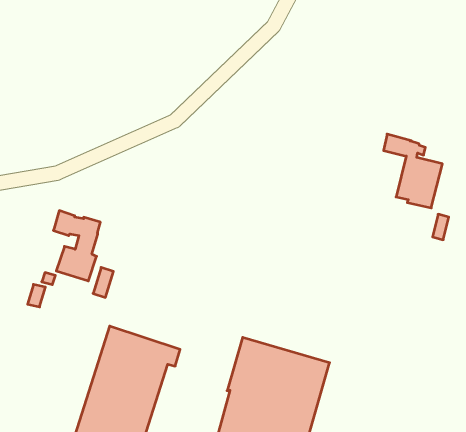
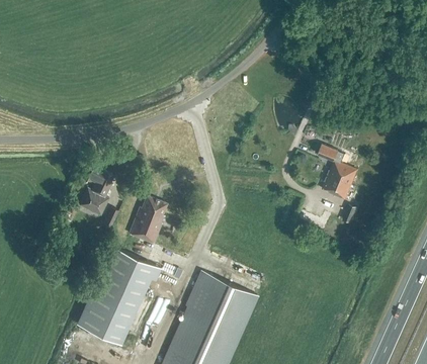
building: none -> [129,195,167,243]

